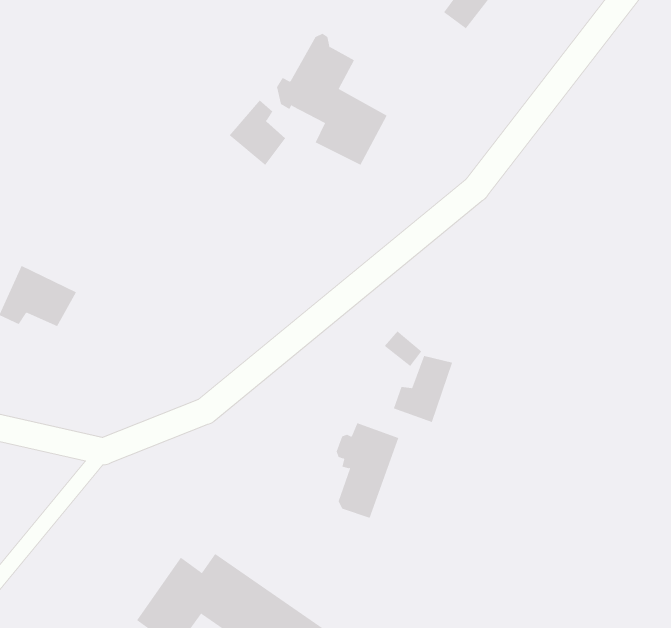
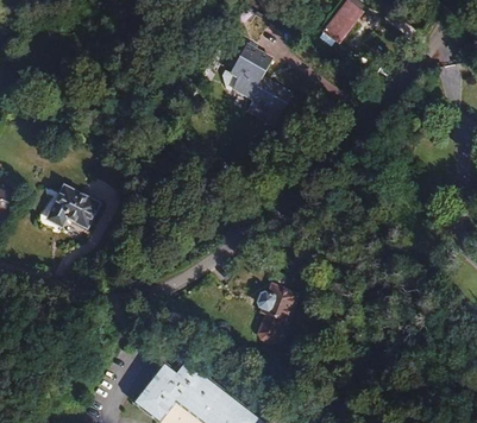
building: [229,99,286,166] -> none
building: [393,355,453,423] -> none

